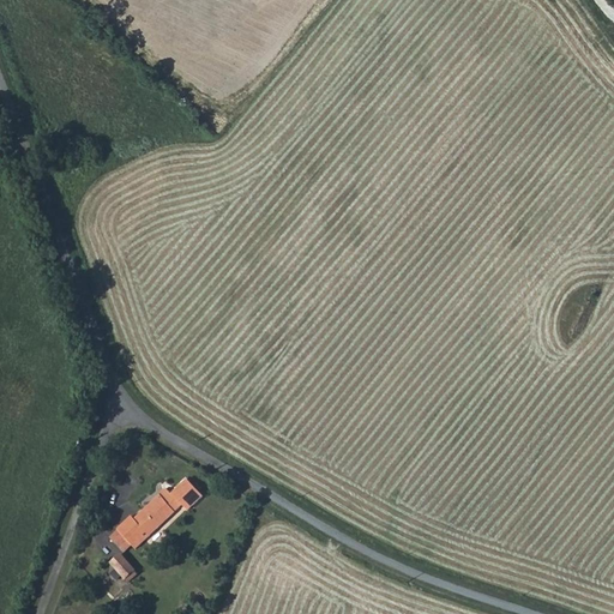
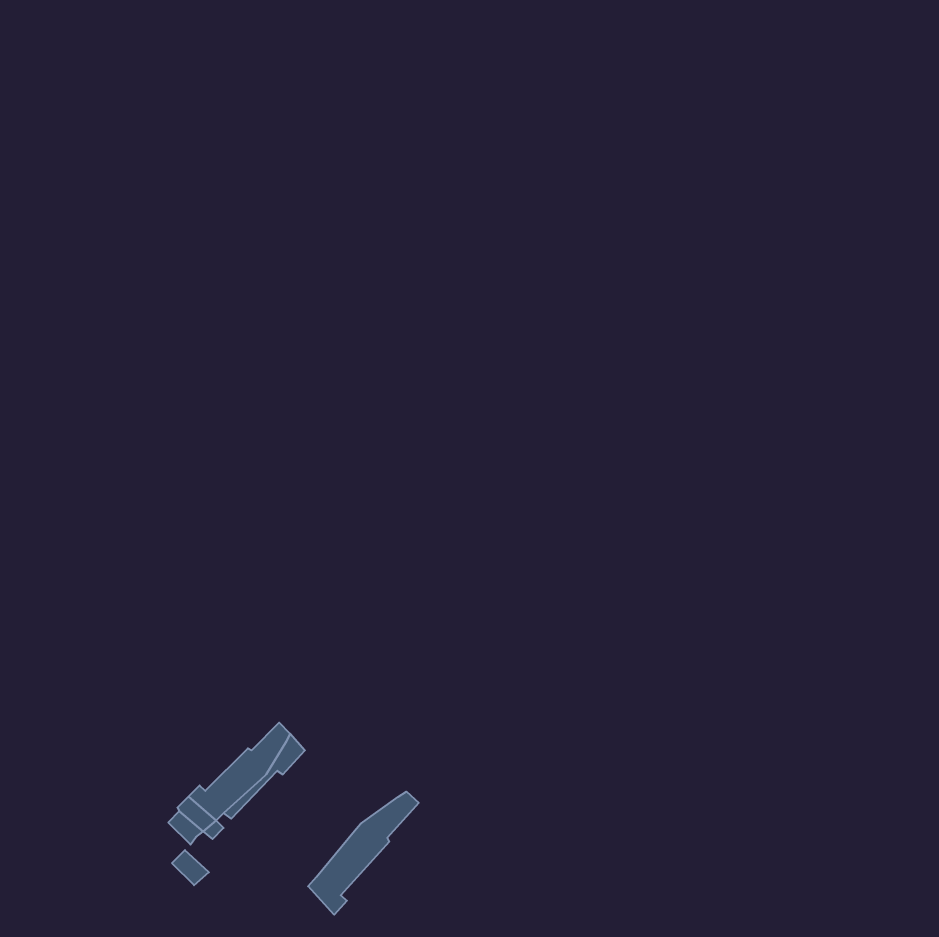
building: none -> [308,792,419,915]

